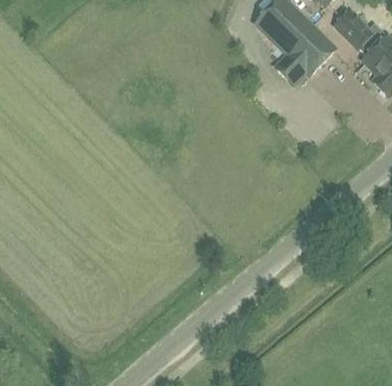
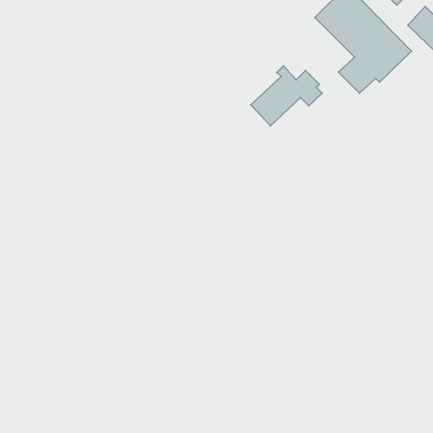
building: none -> [251,66,322,126]

